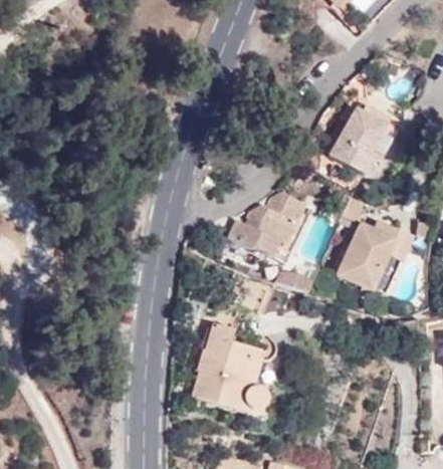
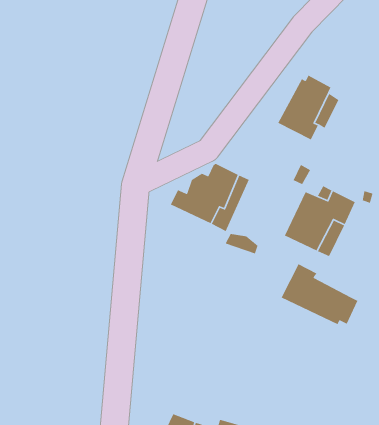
building: none -> [281,263,359,325]
building: [191,320,266,410] -> none

